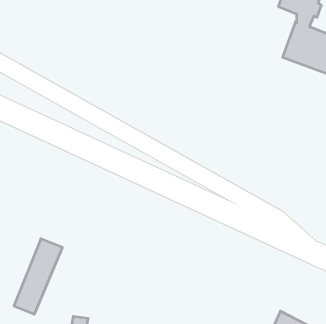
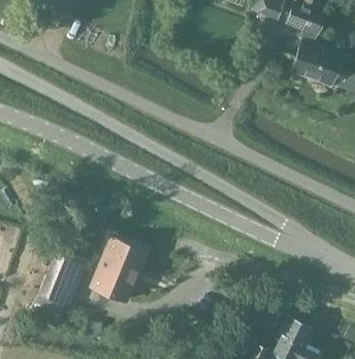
building: none -> [90,238,144,301]

